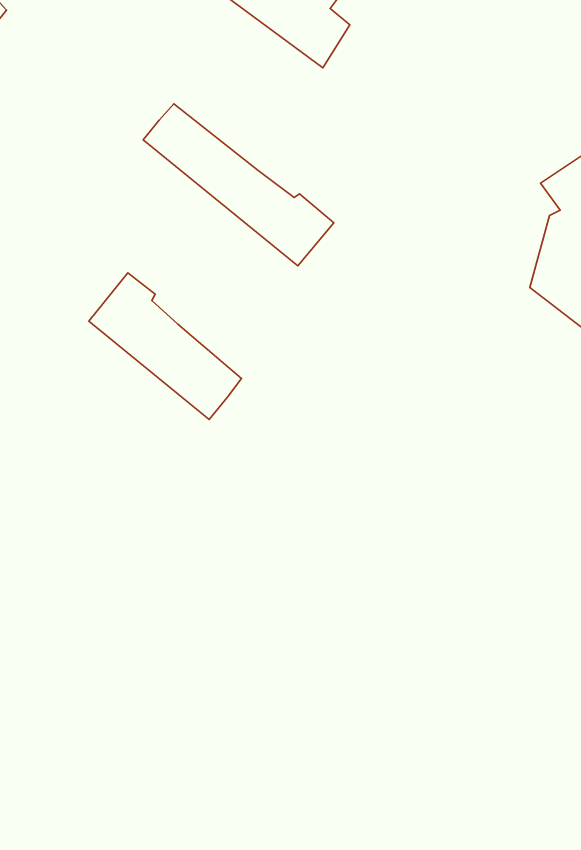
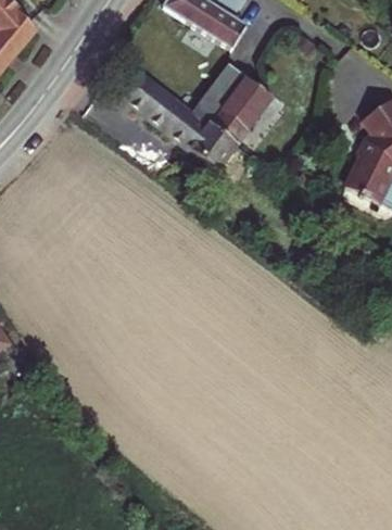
building: none -> [188,64,270,143]
building: [89,273,242,419] -> none

